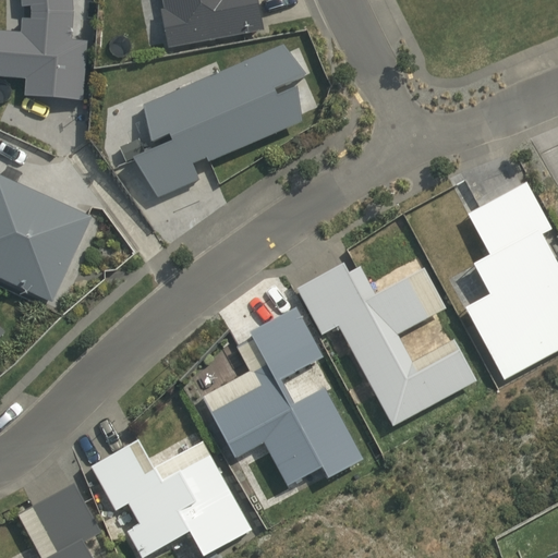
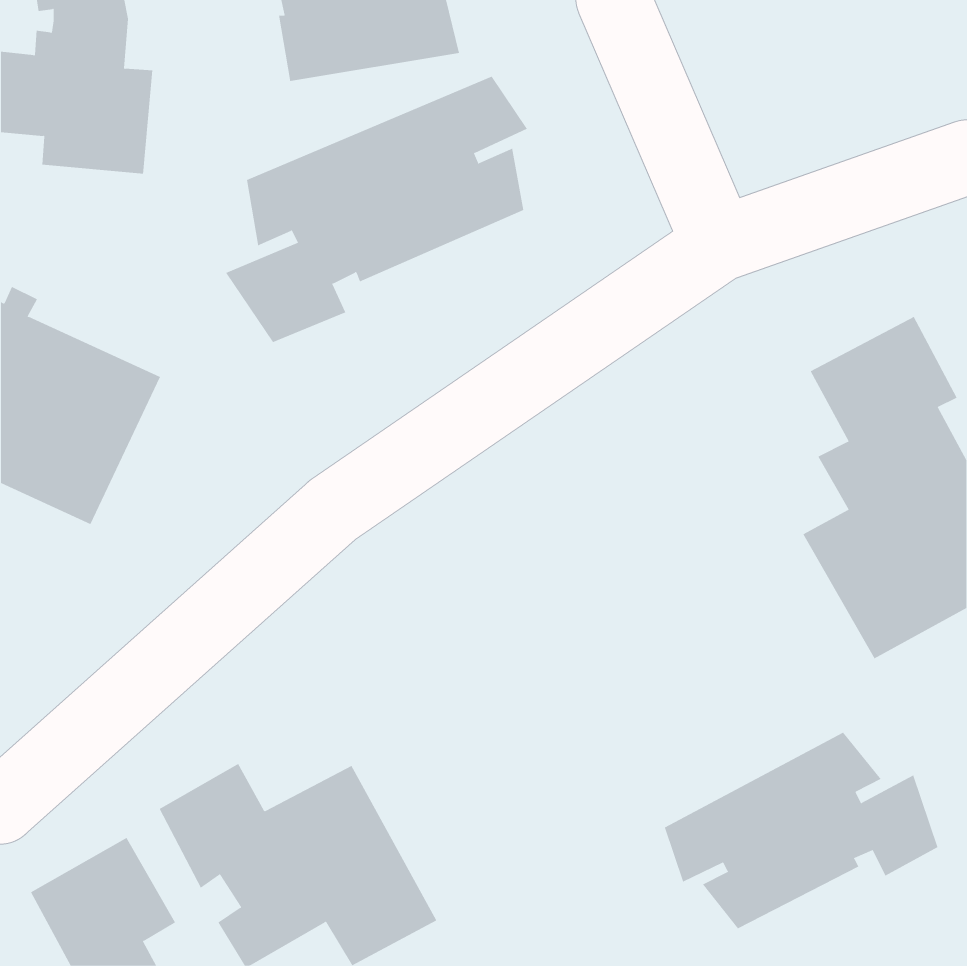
building: [295,263,476,426] -> none
building: [202,306,365,486] -> none
building: none -> [664,732,938,929]

